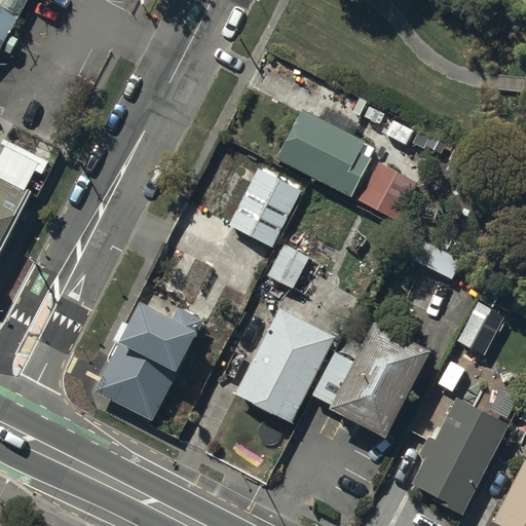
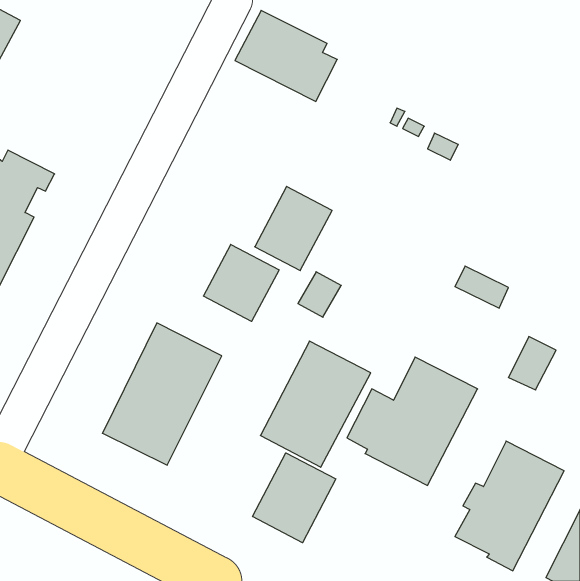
building: [278,113,371,195] -> [235,10,337,101]
building: [360,163,416,218] -> none
building: none -> [203,244,279,321]
building: none -> [253,453,336,543]

